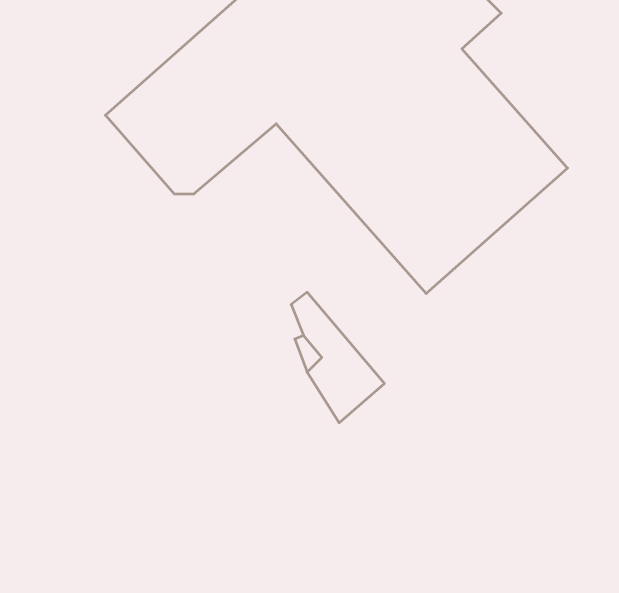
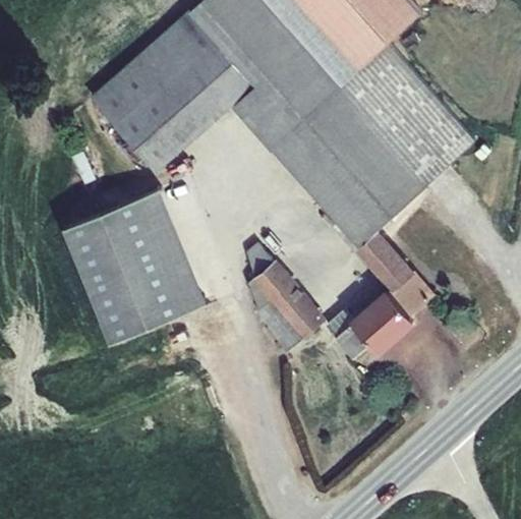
building: none -> [63,189,208,344]
building: none -> [326,234,430,359]

